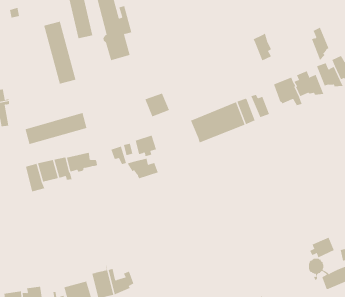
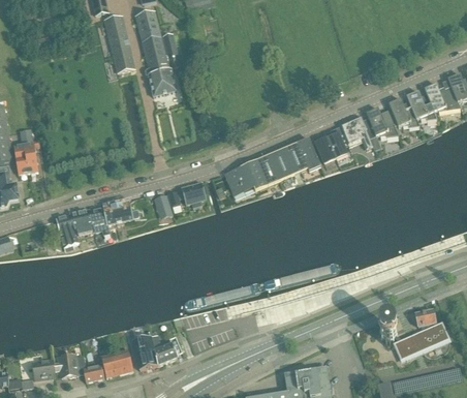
building: [44,21,76,85] -> none
building: [311,27,329,61] -> none
building: [253,33,272,61] -> [325,125,347,157]
building: [145,93,170,117] -> [224,164,253,192]
building: [25,112,87,145] -> none
building: [127,158,158,179] -> none
building: [309,237,335,258] -> none

